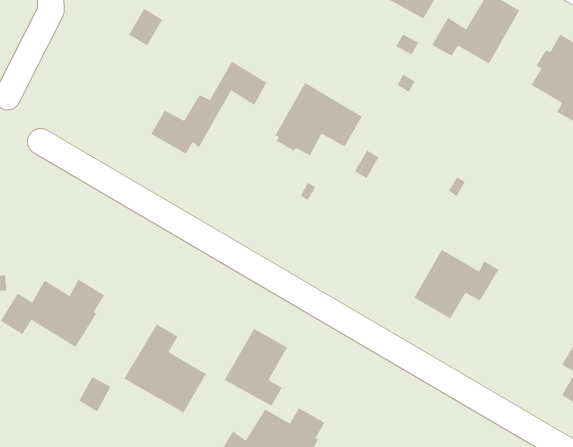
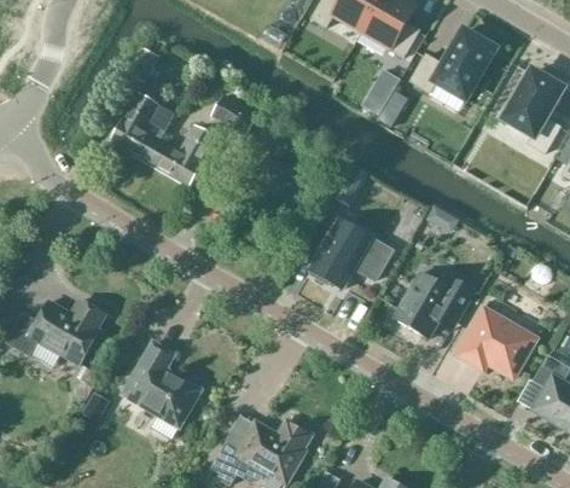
building: none -> [116,91,175,163]
building: [274,82,363,156] -> [309,217,392,287]
building: none -> [456,307,536,377]
building: [224,328,288,407] -> none

